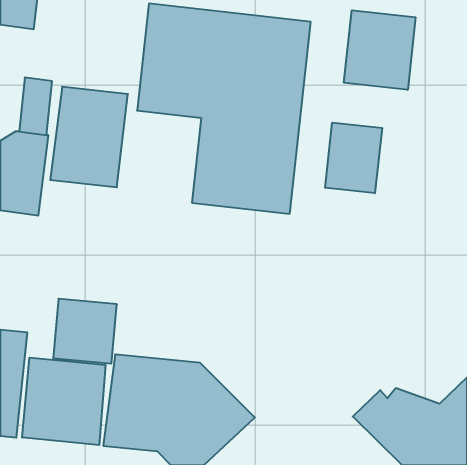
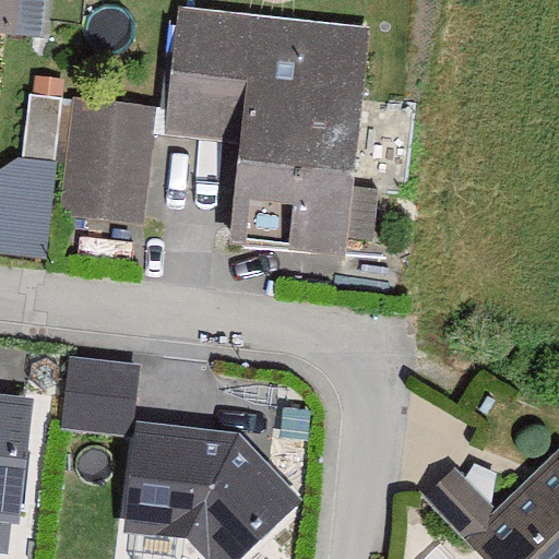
building: [344,10,416,90] -> none
building: [325,123,382,193] -> none
building: [22,358,106,445] -> none

